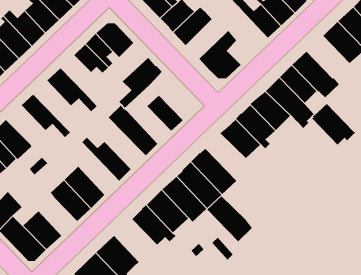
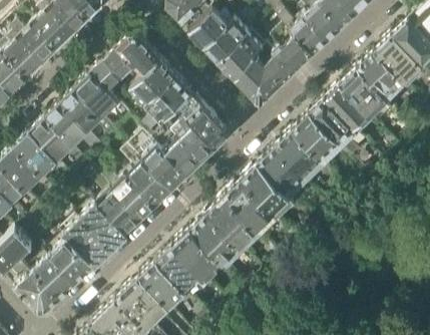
building: none -> [266,19,312,85]
building: none -> [219,33,264,78]
building: none -> [130,60,175,104]
building: none -> [75,74,118,117]
building: none -> [177,93,227,148]
building: none -> [44,103,101,154]
building: [311,103,356,145] -> [356,52,407,100]
building: none -> [151,129,201,176]
building: none -> [13,131,61,180]
building: none -> [122,145,172,205]
building: none -> [91,174,142,234]
building: [206,196,253,242] -> [241,164,294,218]
building: none -> [50,237,94,281]
building: none -> [136,262,185,311]

